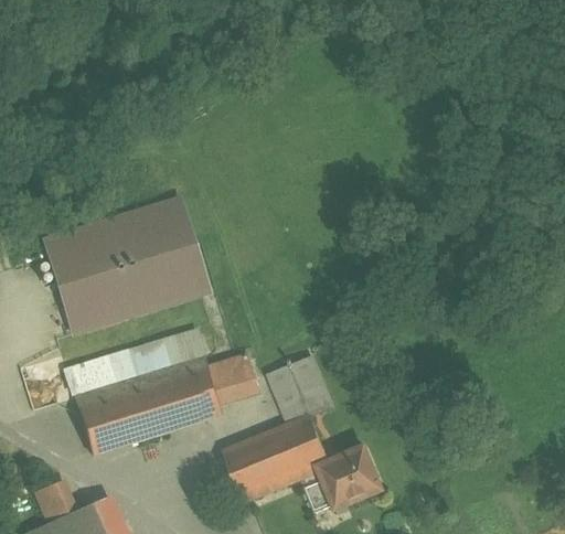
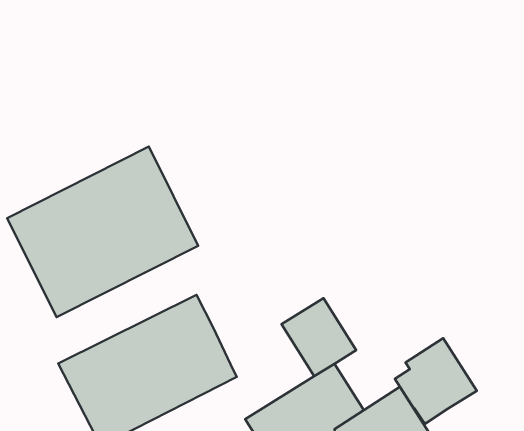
building: [210,354,262,406] -> none
building: none -> [395,338,477,423]

